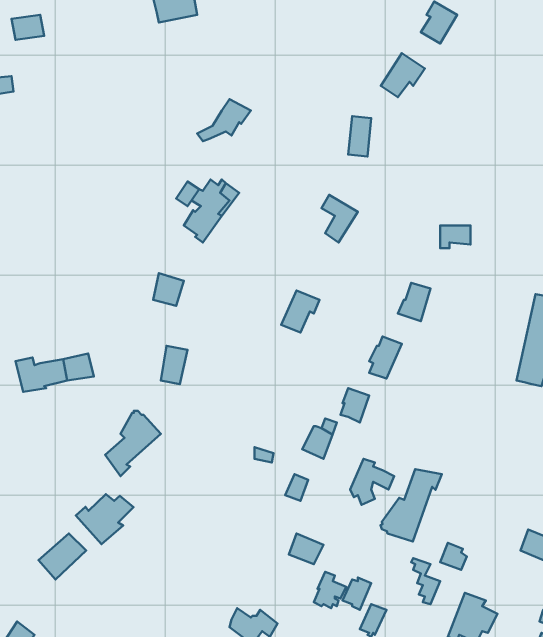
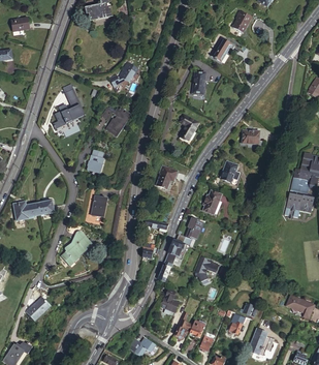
building: none -> [56,88,86,125]
building: [380,469,442,542] -> none
building: [76,494,133,544] -> none

